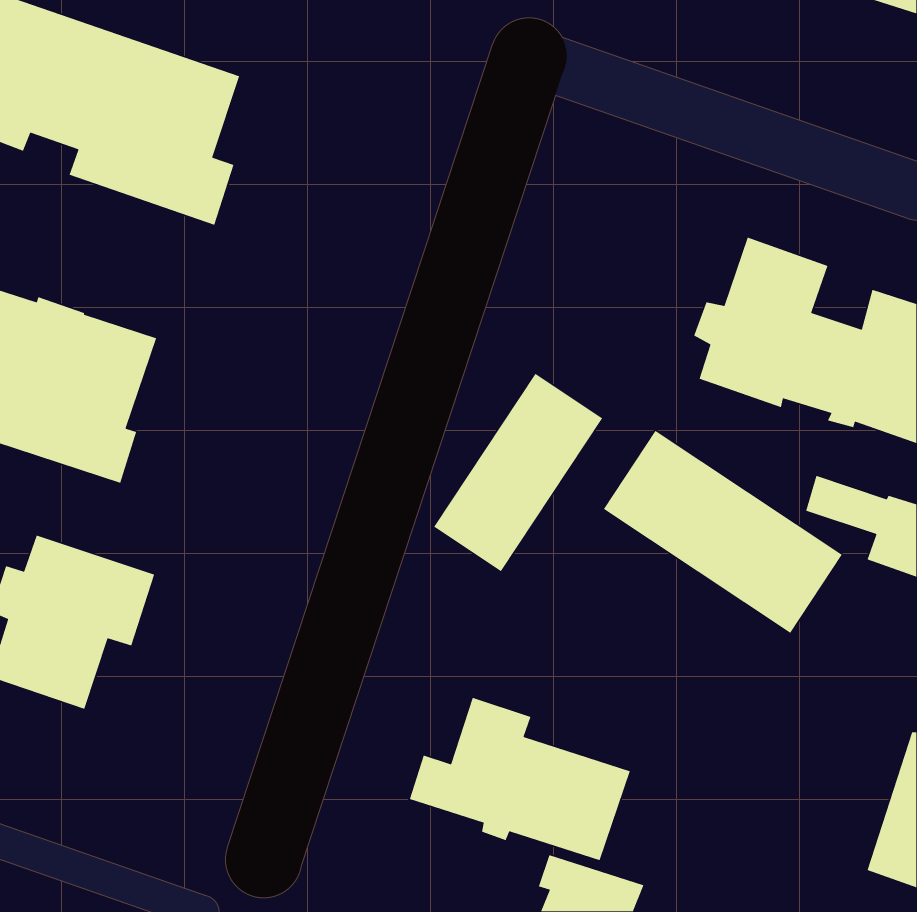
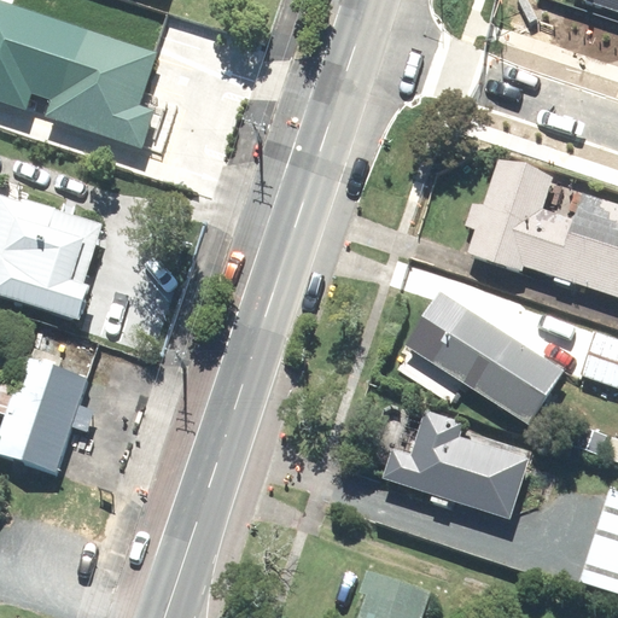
building: [433,373,603,572] -> none
building: [409,697,631,861] -> [383,410,531,520]

